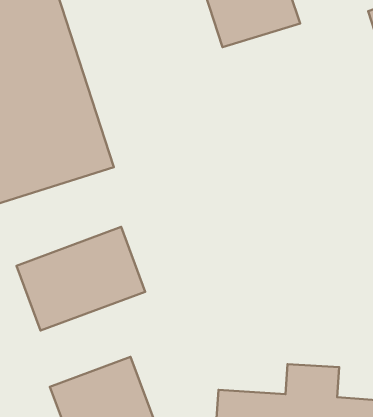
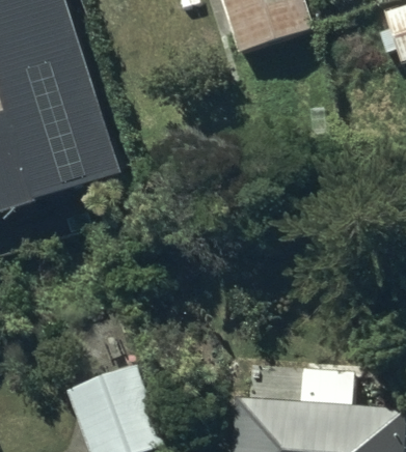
building: [17,227,145,331] -> none

